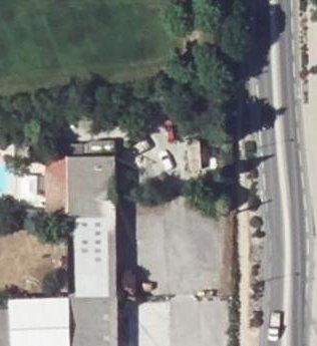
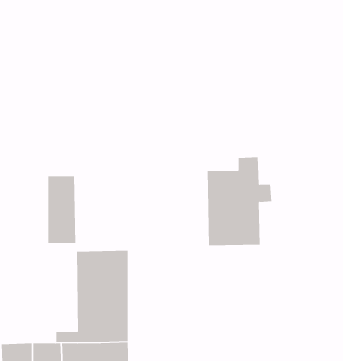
building: [68,146,125,225] -> [207,157,272,246]

